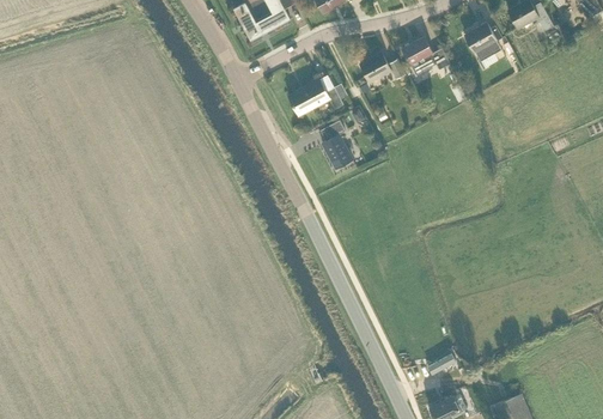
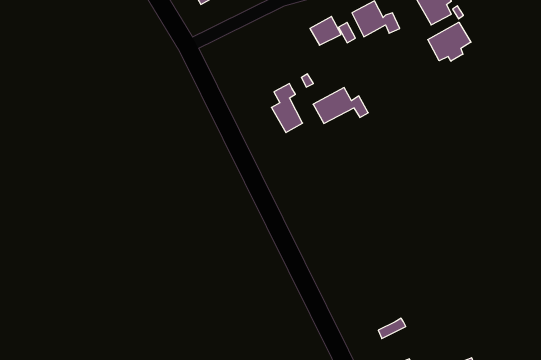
building: none -> [428,22,471,61]
building: [287,79,342,115] -> [313,88,368,123]

